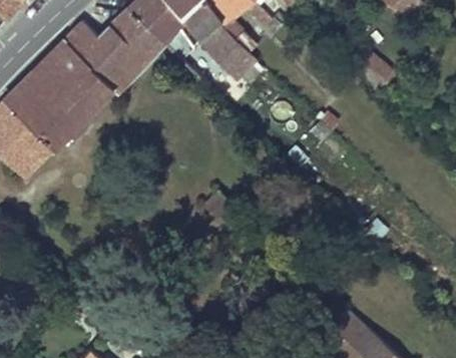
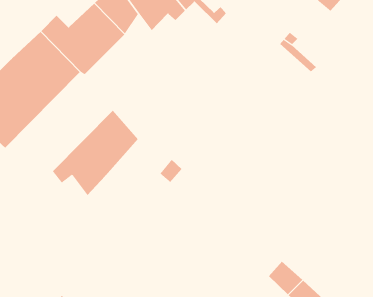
building: [195,22,255,81] -> none
building: none -> [52,110,139,196]

